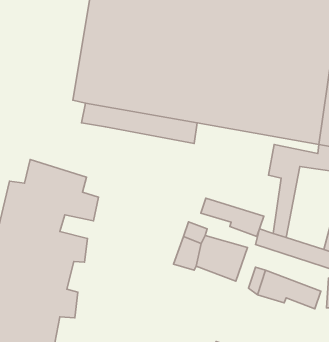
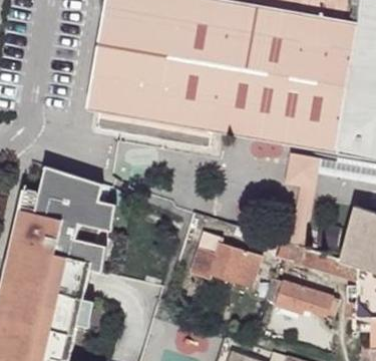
building: [201,198,264,237] -> none

